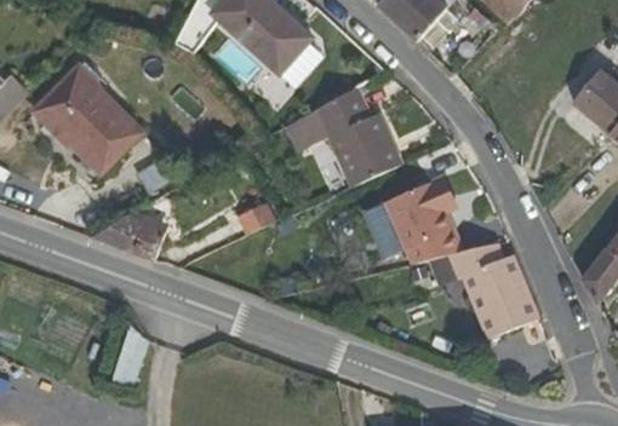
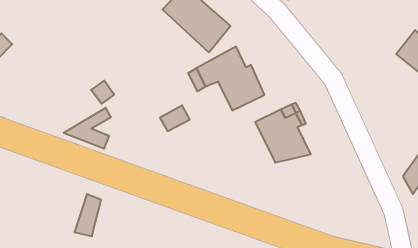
building: [28,71,136,183] -> none
building: [452,226,542,327] -> none

